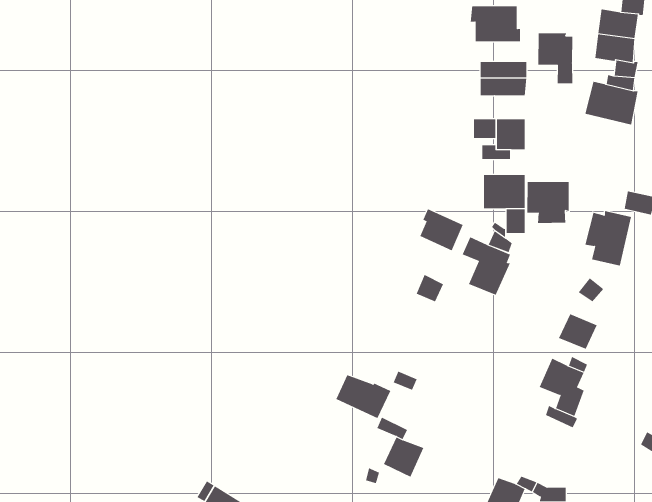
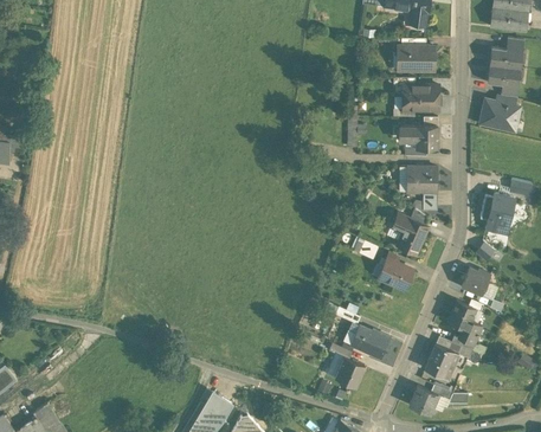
building: [538,33,573,84] -> none
building: [527,181,569,224] -> none
building: [419,208,464,251] -> [380,258,412,289]
building: [335,374,391,419] -> [349,325,389,357]
building: none -> [424,343,457,375]

